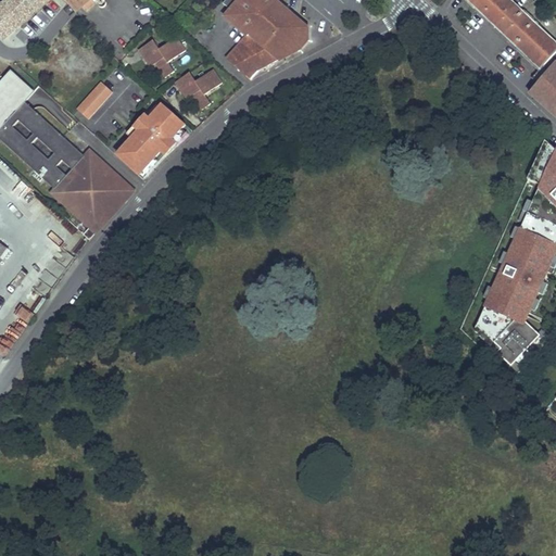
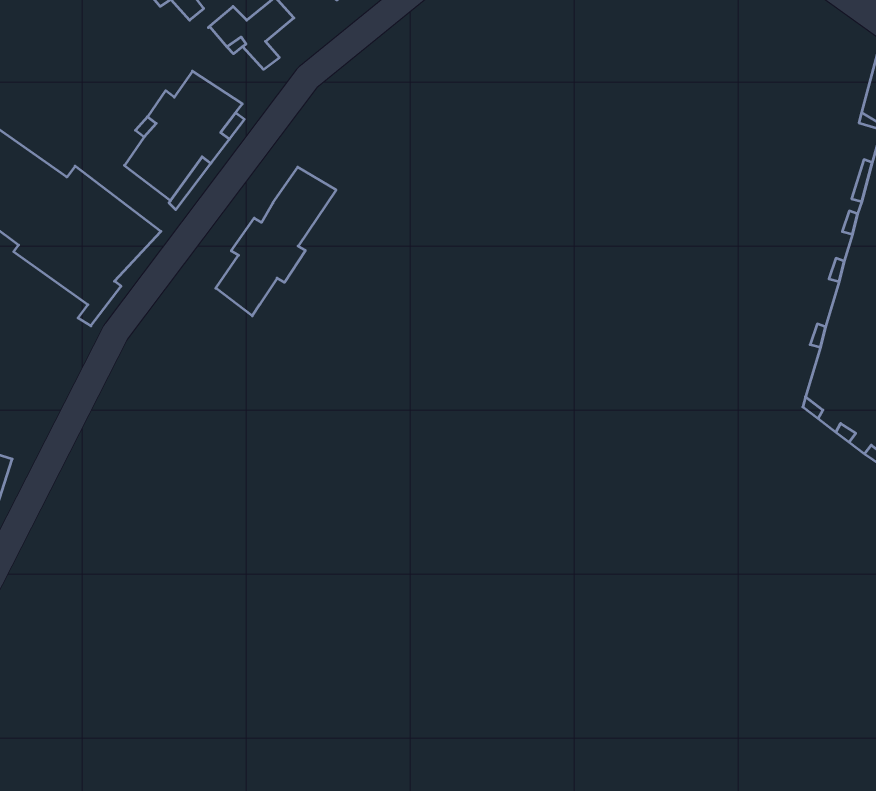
building: [76,80,112,117] -> none
building: none -> [216,167,336,316]

